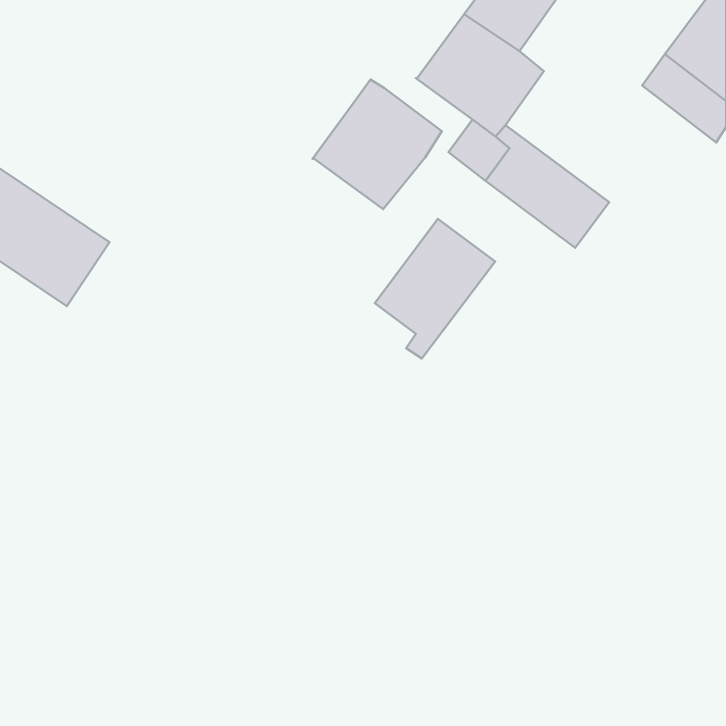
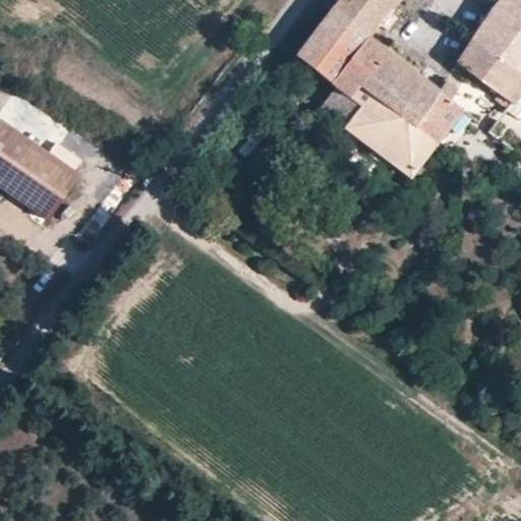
building: none -> [361,51,464,144]
building: [312,79,442,209] -> none
building: [375,219,495,359] -> none

